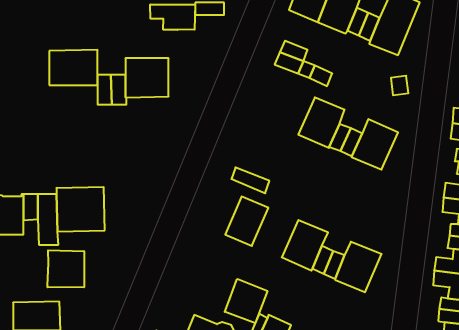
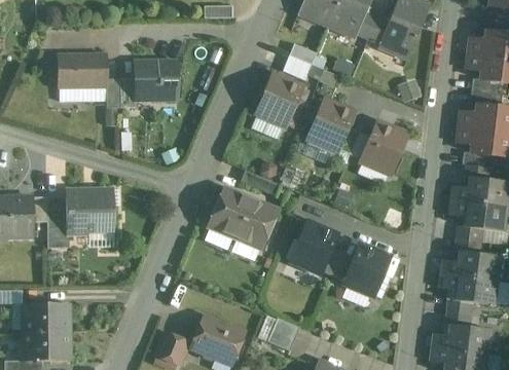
building: [150,4,195,30] -> none
building: none -> [255,75,301,125]
building: none -> [208,188,250,237]
building: [48,250,84,287] -> none
building: [225,279,267,323] -> none

